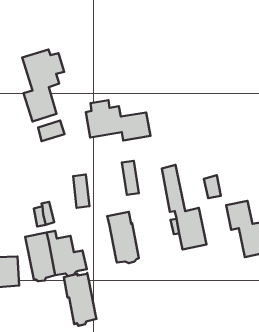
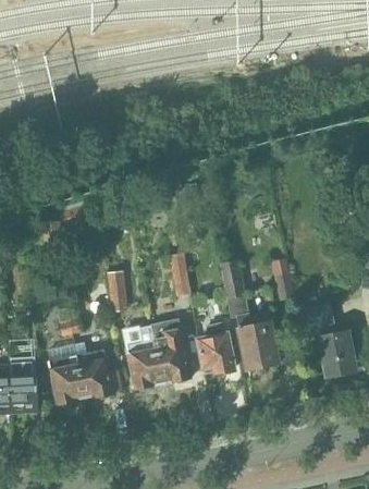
building: [22,50,64,122] -> none
building: [86,100,150,141] -> none
building: none -> [193,308,234,375]
building: [64,273,96,326] -> [121,323,162,391]

